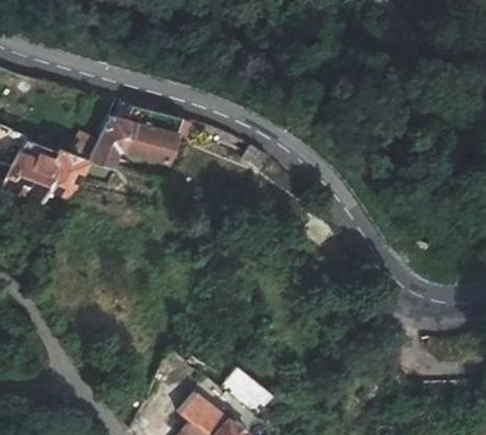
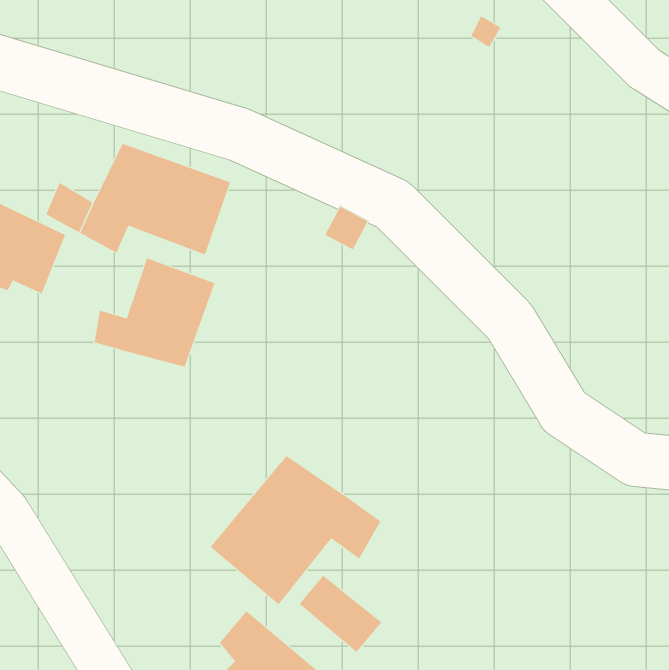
building: none -> [94,258,215,367]
building: none -> [210,455,381,605]

